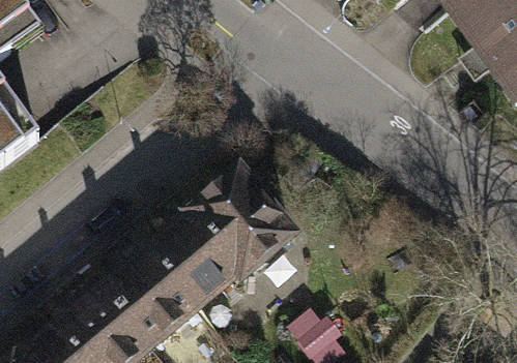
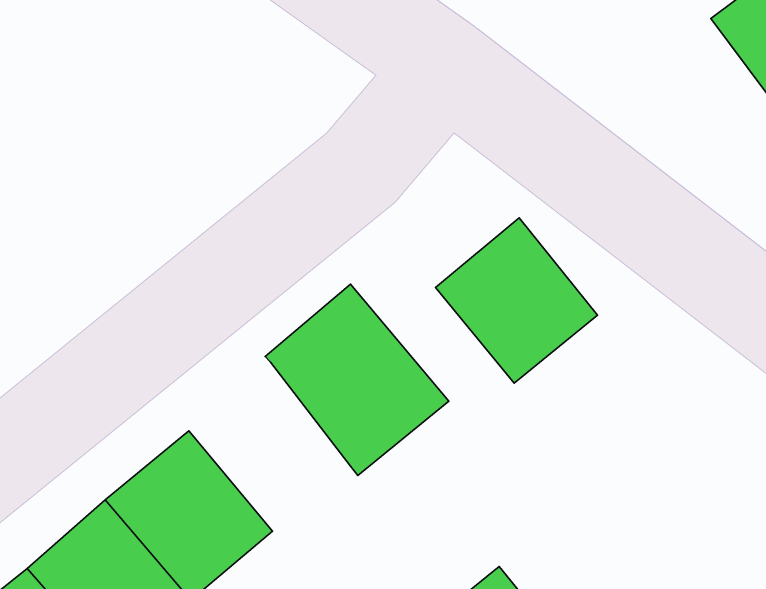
building: none -> [436,218,598,383]
building: [147,207,237,301] -> none

